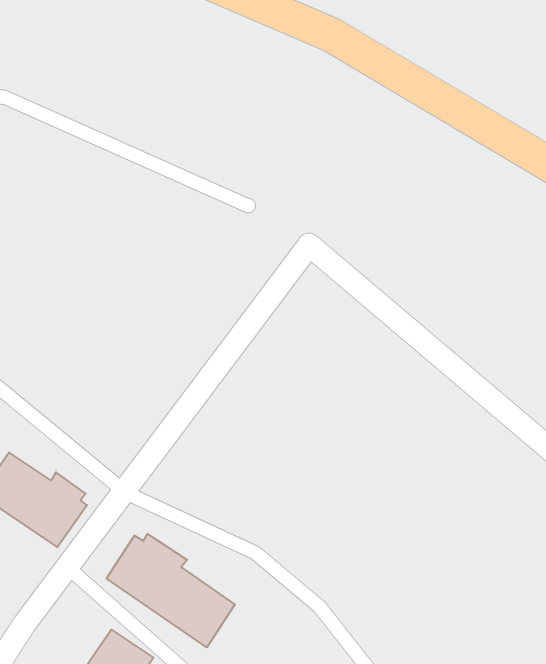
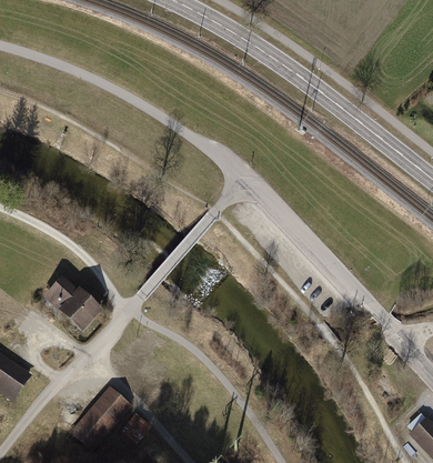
building: [107,534,235,647] -> none

